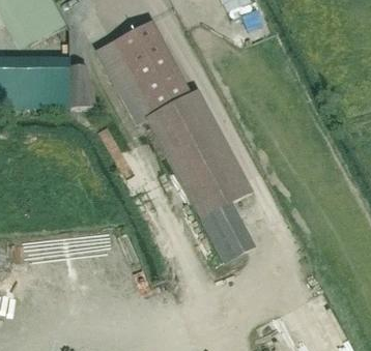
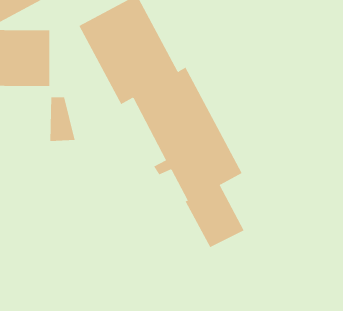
building: [70,64,95,107] -> [50,97,76,141]

